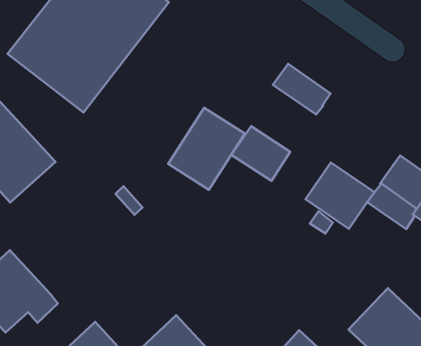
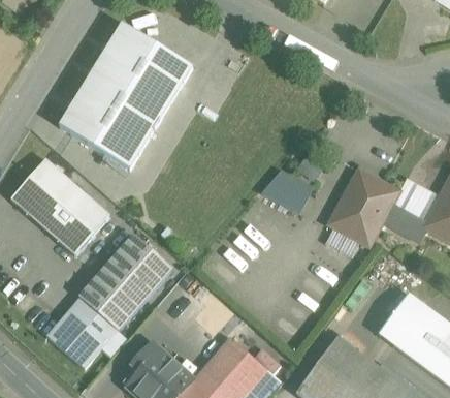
building: [273,64,331,115] -> [348,170,398,211]
building: [168,108,245,190] -> none
building: none -> [79,234,172,330]

